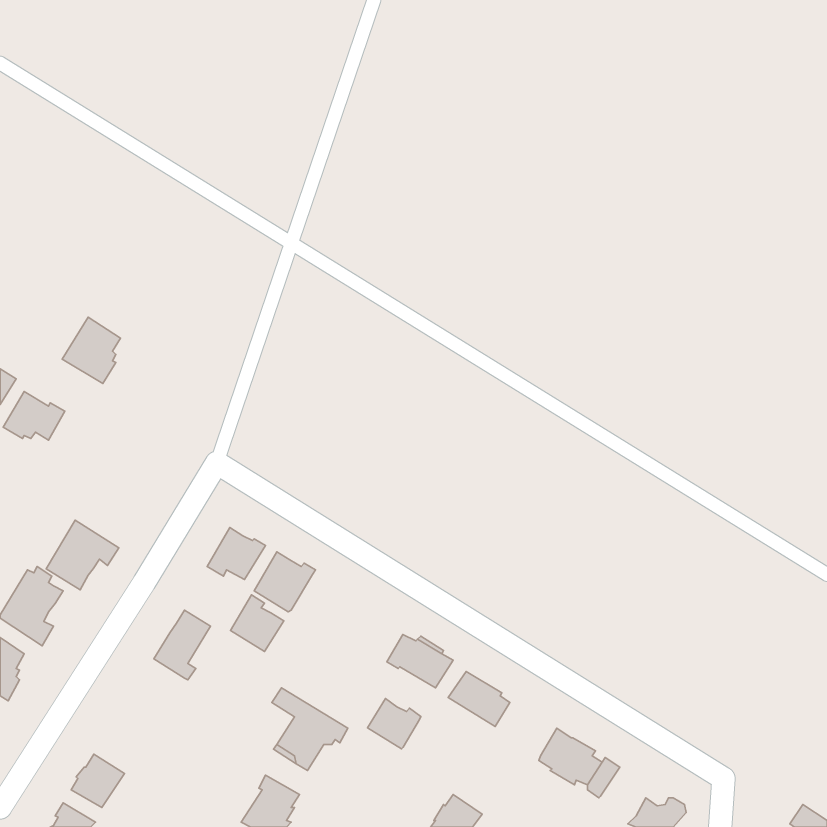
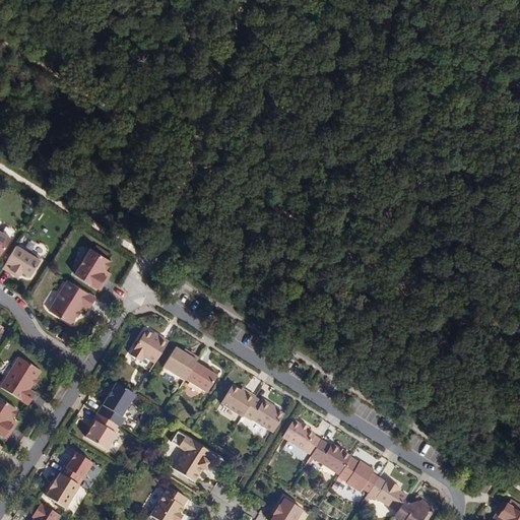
building: [62,317,121,383] -> [74,248,111,289]
building: [46,520,119,590] -> [49,280,94,324]
building: [231,595,284,652] -> [183,361,216,396]
building: none -> [84,413,116,450]
building: [368,699,421,749] -> [220,385,254,416]
building: none -> [310,440,350,474]
building: none -> [59,453,93,485]
building: none -> [377,478,409,512]

